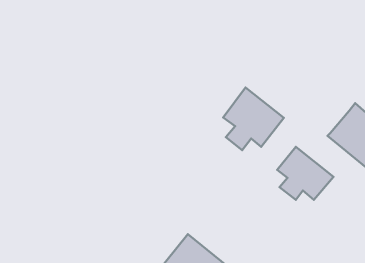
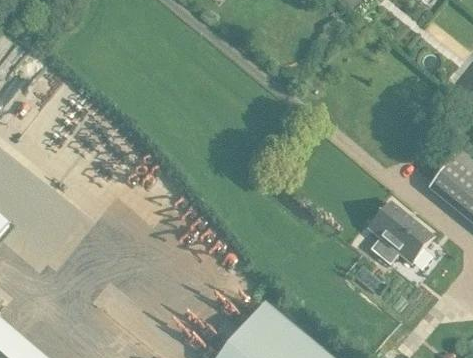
building: [223,88,284,150] -> none

